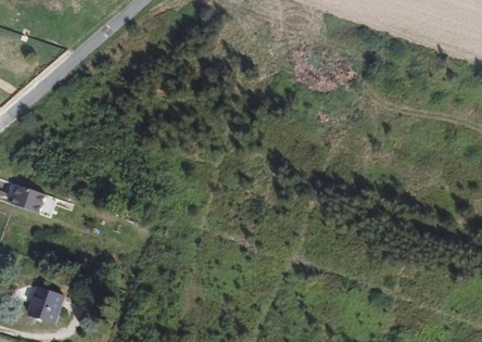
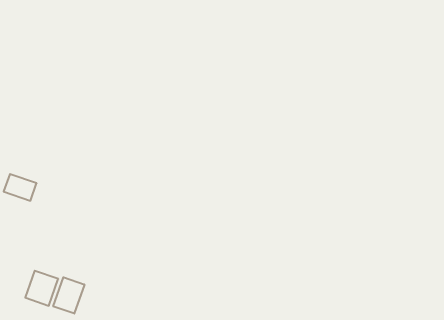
building: none -> [53,277,84,314]

